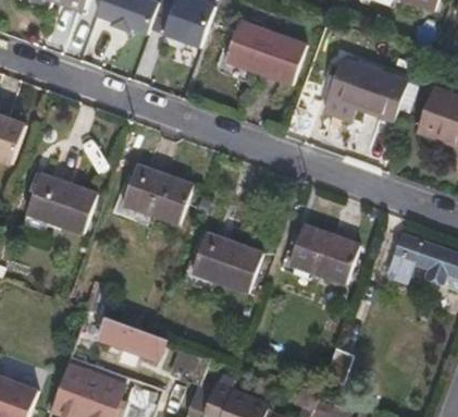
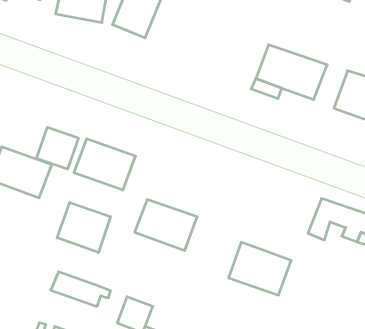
building: [223,22,305,83] -> none
building: none -> [37,127,78,169]
building: [287,224,358,284] -> [229,242,291,295]
building: none -> [57,202,110,253]

